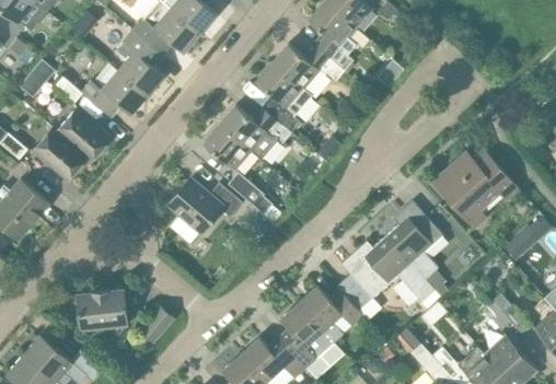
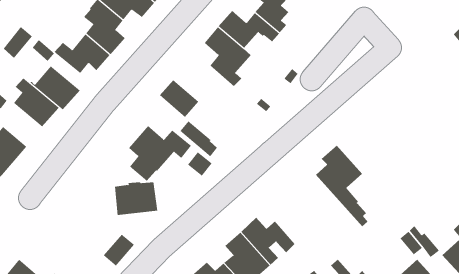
building: [220,105,291,160] -> none
building: [433,151,519,228] -> none
building: [503,225,541,261] -> none
building: [337,236,441,317] -> none
building: [77,290,128,329] -> [114,182,158,215]

